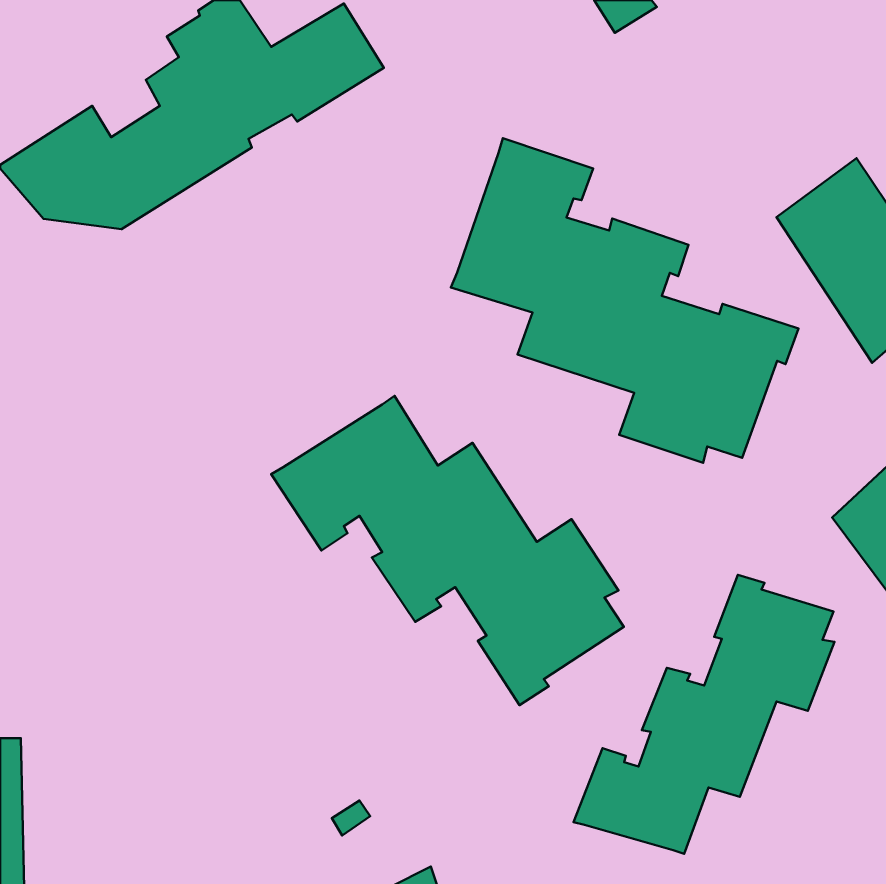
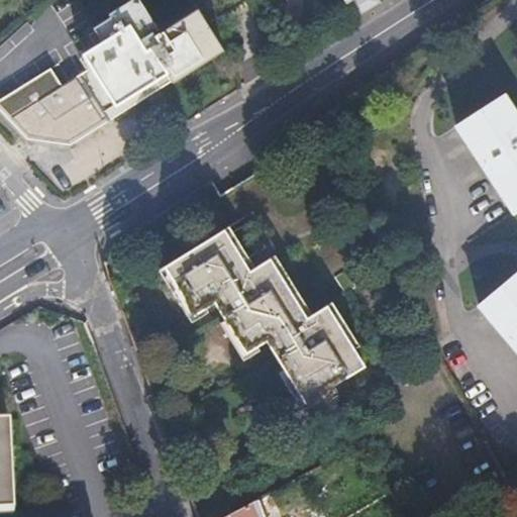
building: [451,138,798,463] -> none
building: [574,575,835,854] -> none

